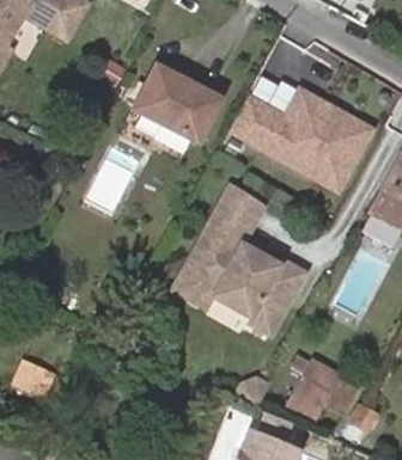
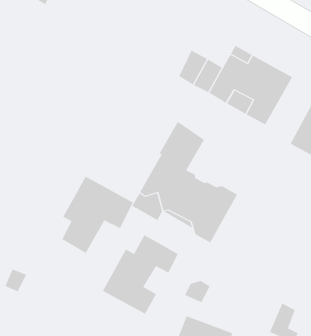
building: [134,67,218,140] -> none
building: none -> [62,176,133,254]
building: none -> [102,234,179,315]
building: [293,362,340,409] -> none

